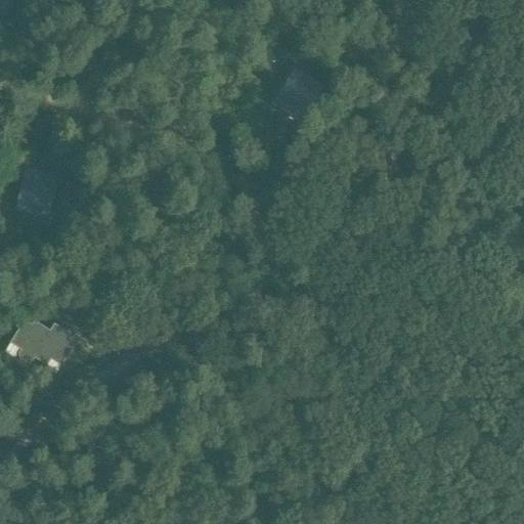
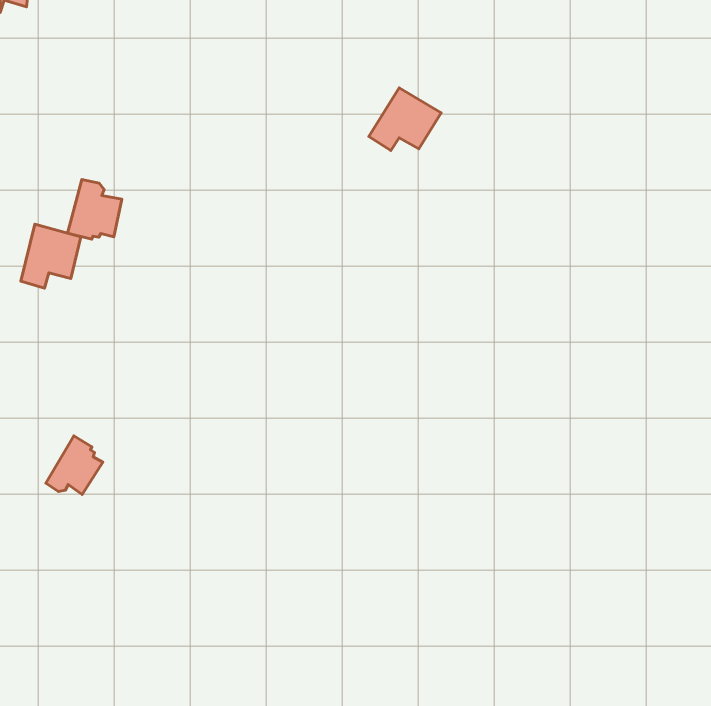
building: none -> [67,180,122,239]
building: [10,317,50,362] -> none

